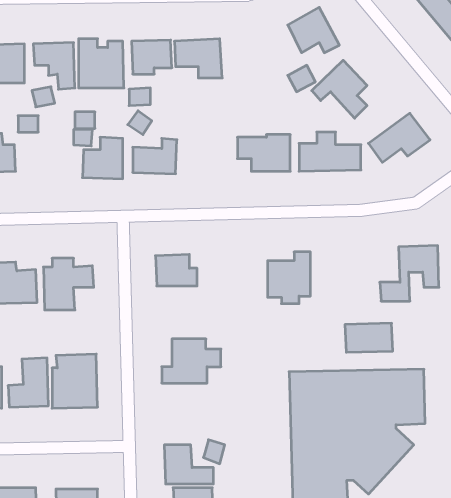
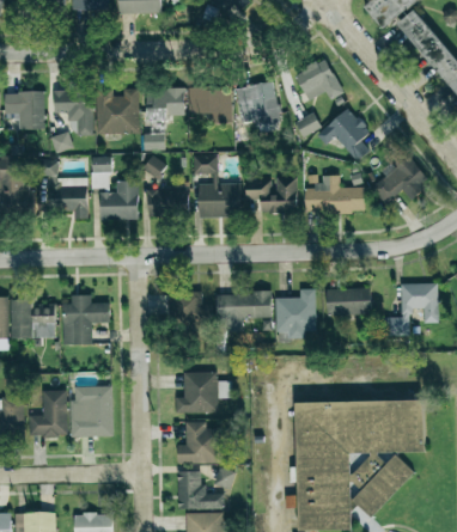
building: none -> [234,82,281,127]
building: none -> [193,155,240,218]
building: none -> [50,177,87,219]
building: none -> [217,294,270,332]
building: [345,323,393,352] -> [325,288,371,316]
building: none -> [177,422,221,464]

